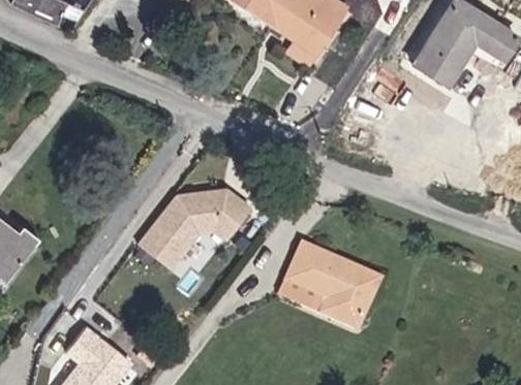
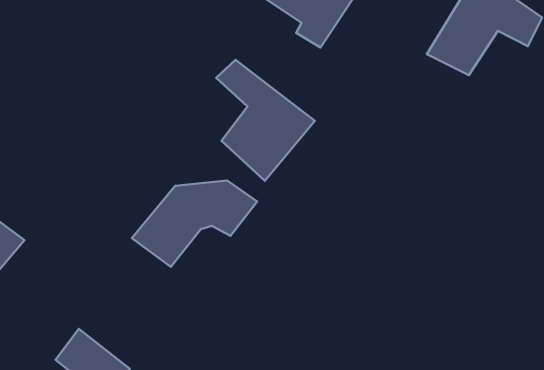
building: none -> [216,60,315,181]
building: [281,236,382,327] -> none

